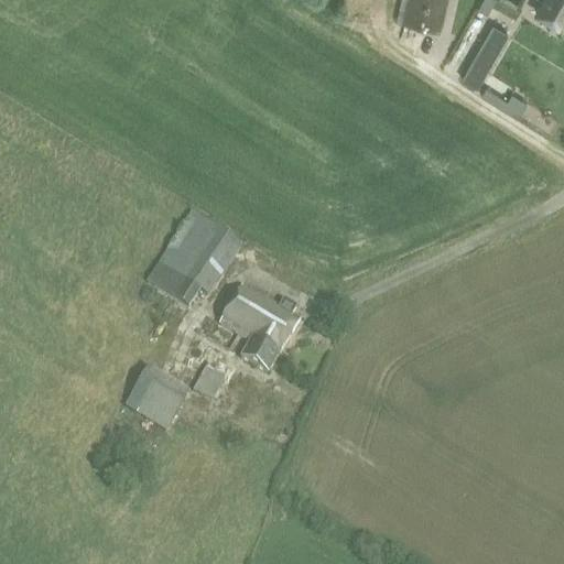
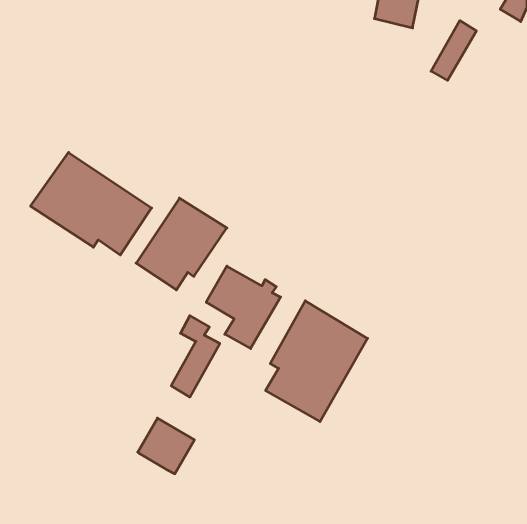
building: none -> [31,152,152,255]
building: none -> [266,301,368,422]
building: [128,368,188,427] -> [138,418,194,474]

